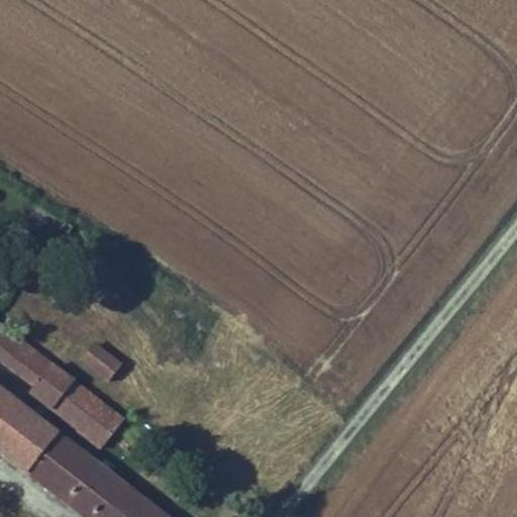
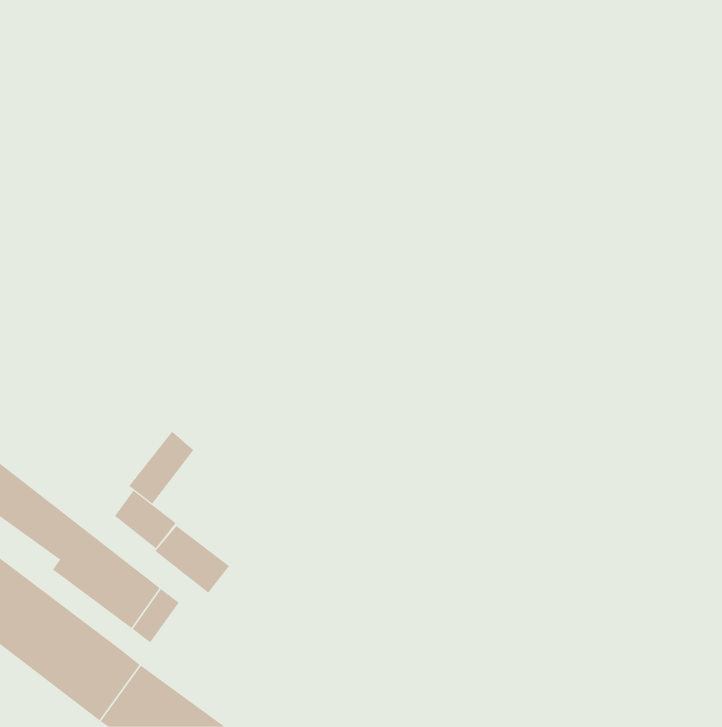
building: none -> [128,431,194,505]
building: none -> [155,525,230,593]

